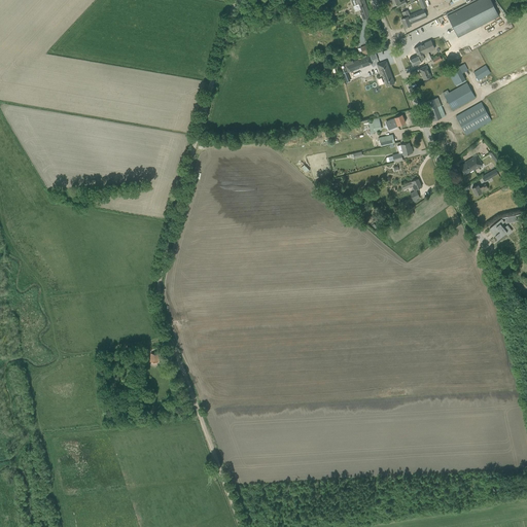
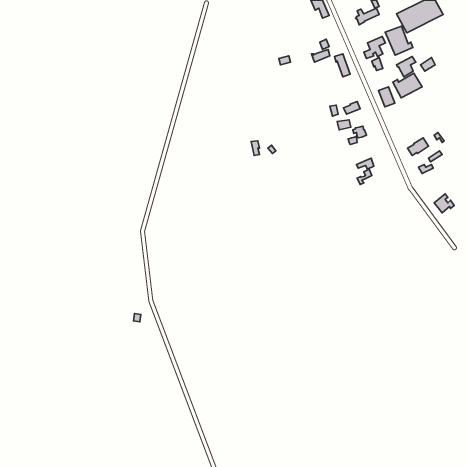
building: none -> [385,26,413,55]
building: [456,102,492,135] -> none

